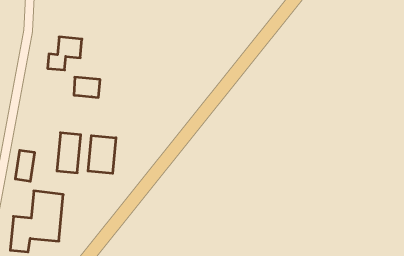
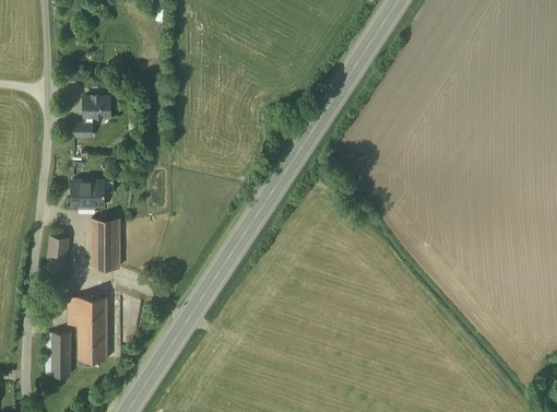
building: [74,77,100,97] -> [66,181,98,204]
building: [88,136,116,173] -> none

